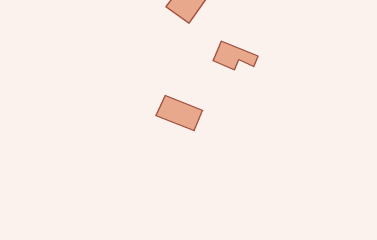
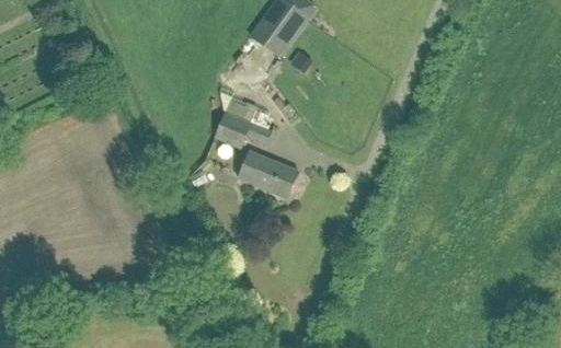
building: [213,41,258,70] -> [213,111,272,148]

